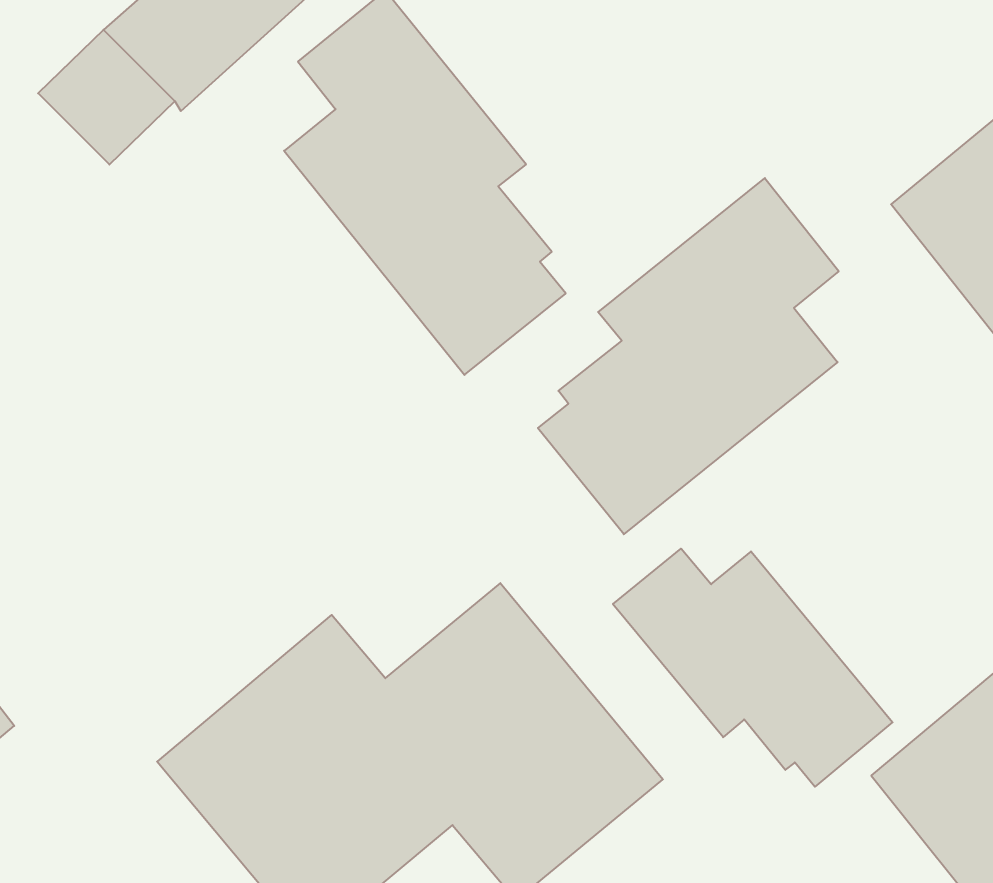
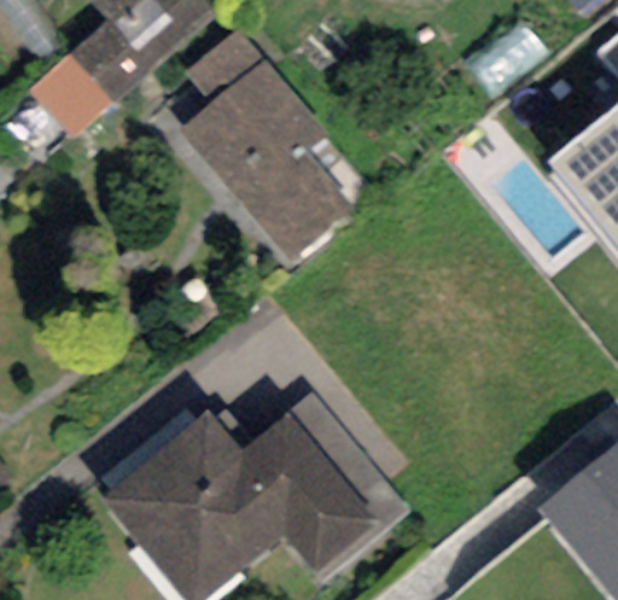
building: [538,178,839,534] -> none
building: [613,549,893,787] -> none

